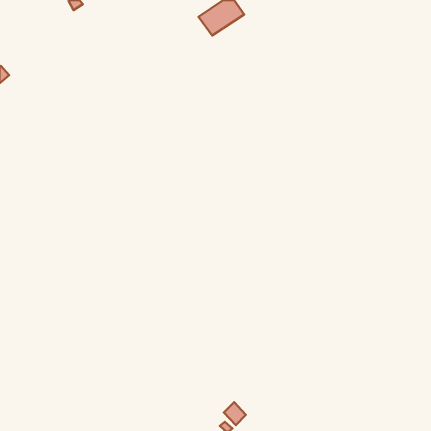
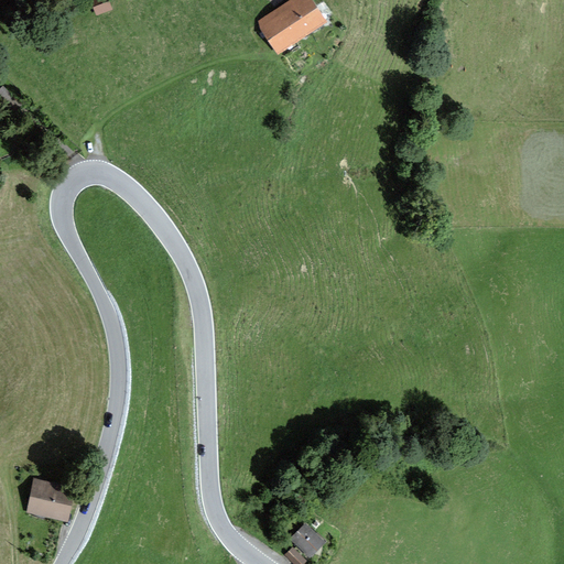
building: none -> [30,480,68,520]

